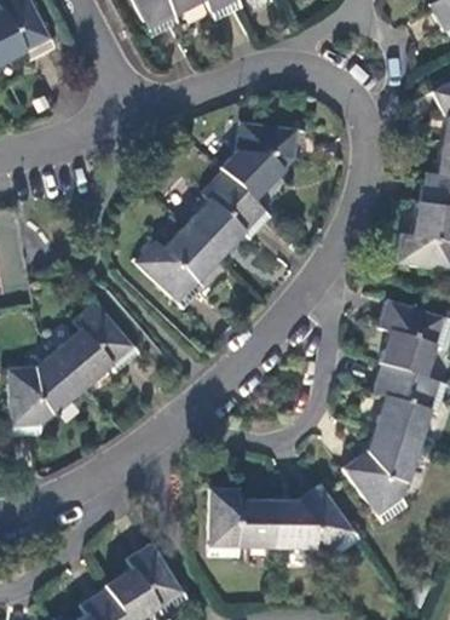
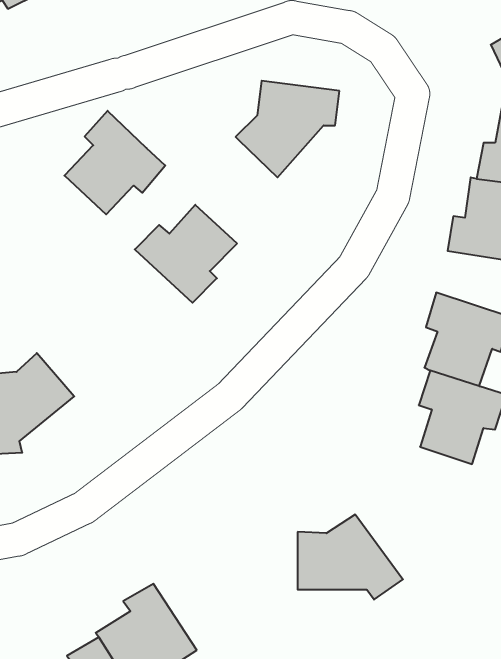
building: [185,171,270,258] -> [64,111,165,214]
building: [52,300,138,386] -> none
building: [344,429,417,523] -> none
building: [207,489,271,557] -> none

